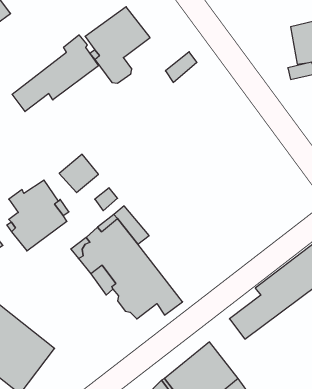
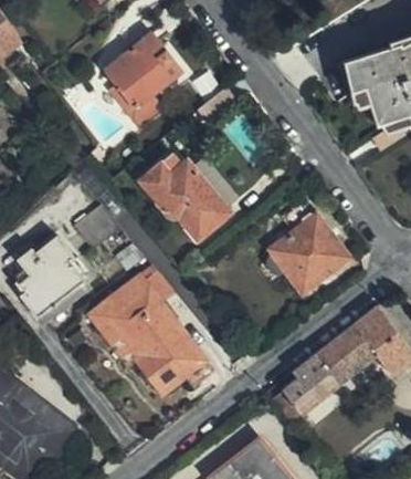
building: [12,35,98,112] -> none
building: none -> [143,158,231,240]
building: none -> [264,205,350,295]

